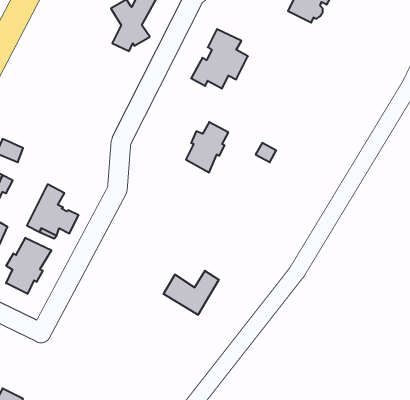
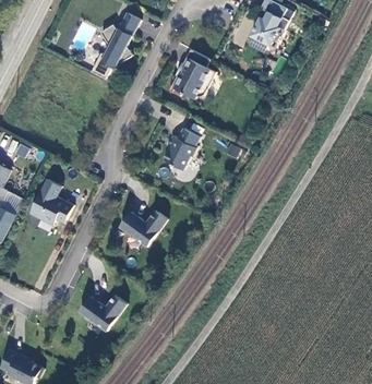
building: [6,238,51,294] -> none
building: [163,271,219,315] -> [117,211,164,248]
building: none -> [77,295,125,331]

